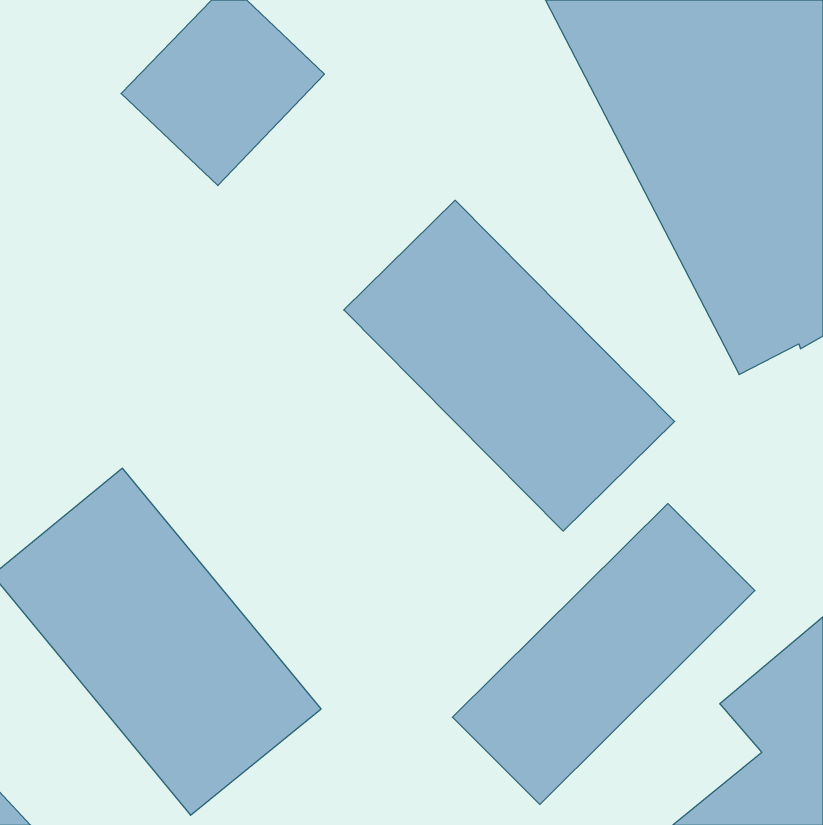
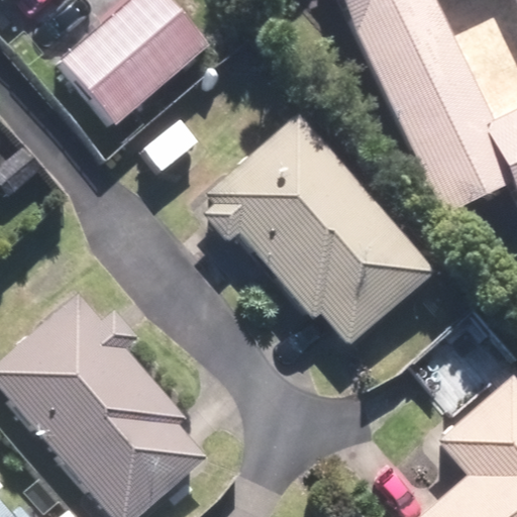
building: [452,504,755,804] -> none

